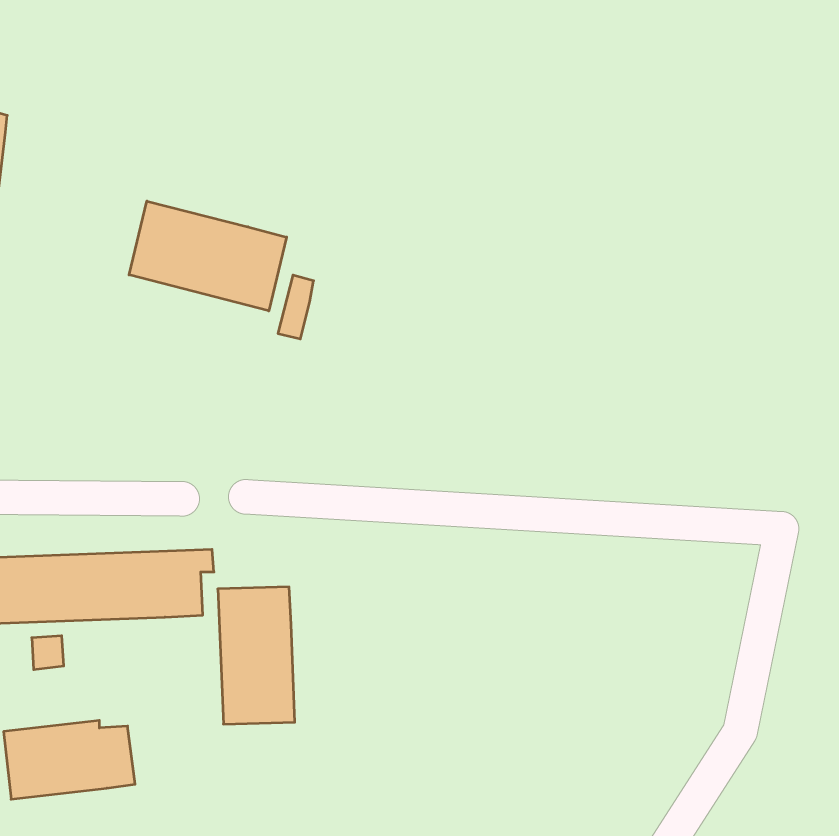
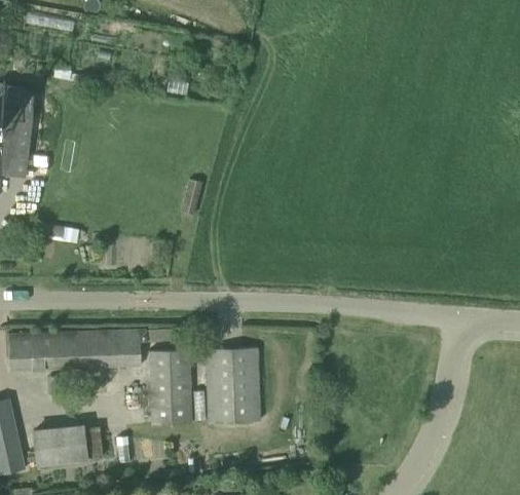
building: [129,201,287,311] -> none
building: none -> [207,347,259,423]

